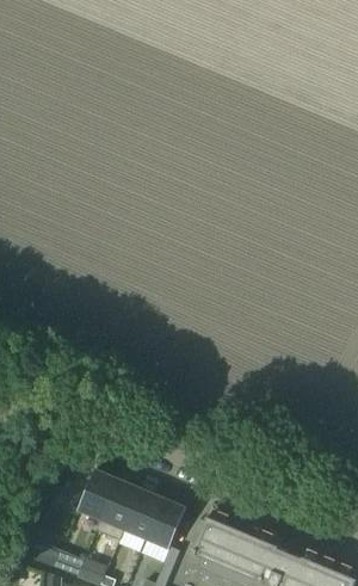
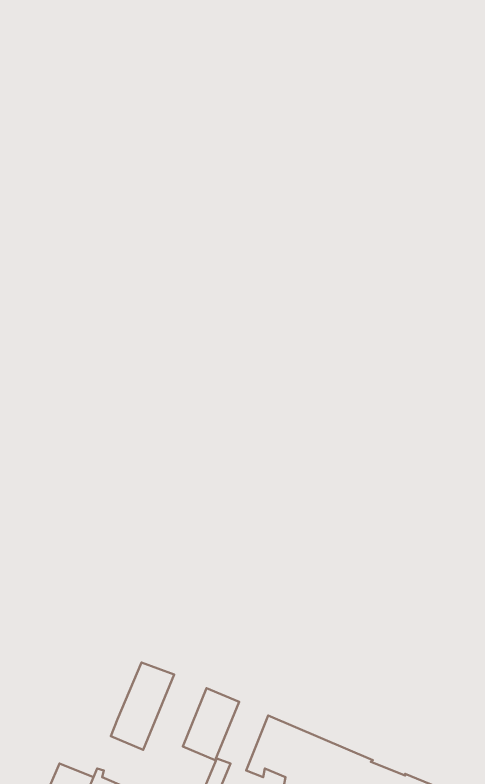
building: [75,469,116,519] -> none
building: [122,488,161,538] -> none

